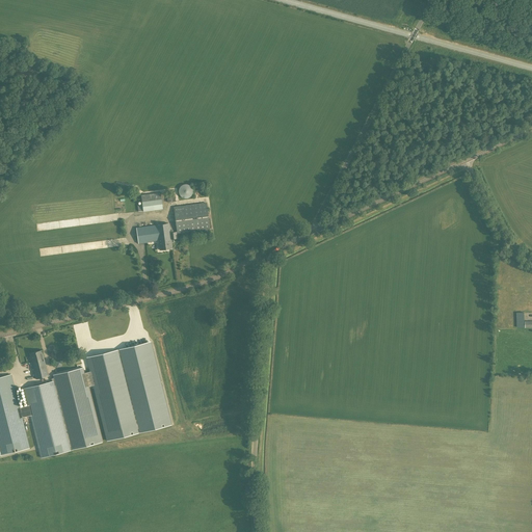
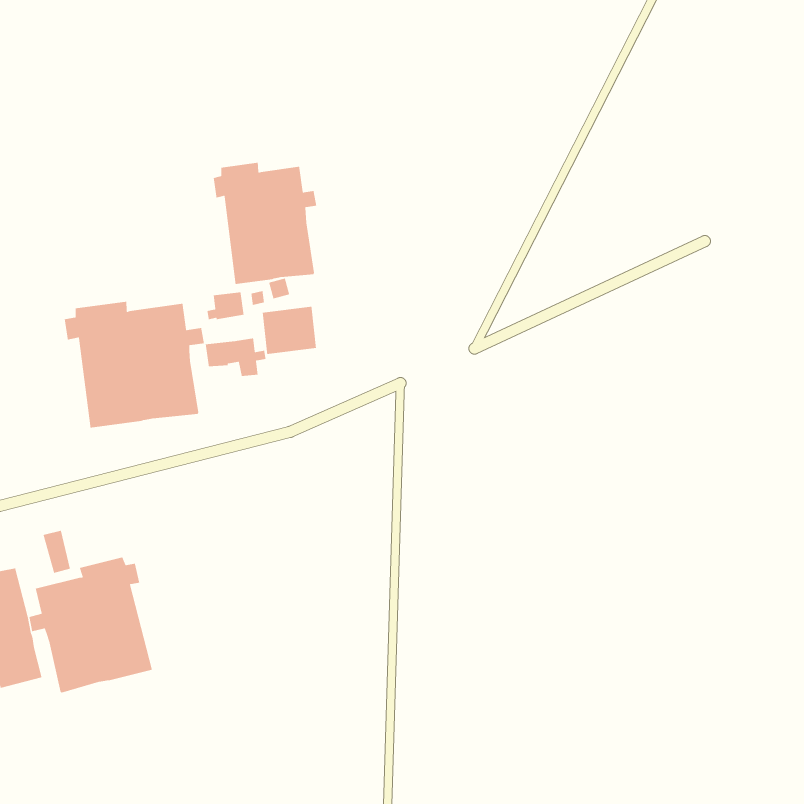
building: none -> [213,162,317,285]
building: none -> [64,301,205,429]
building: [85,341,169,440] -> none

